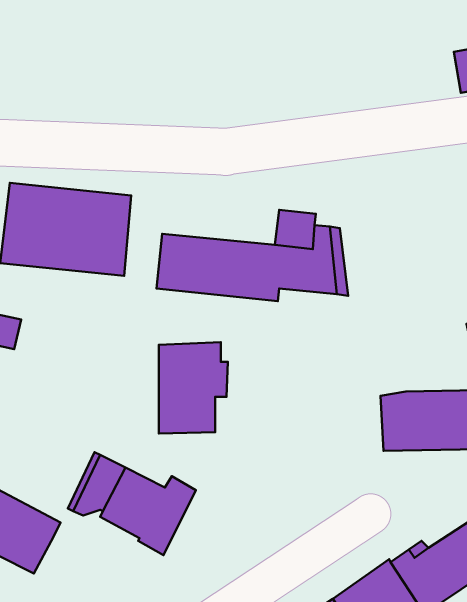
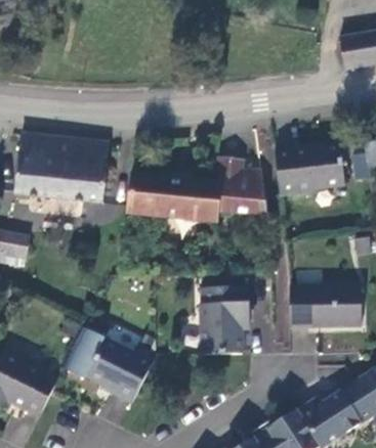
building: none -> [275,143,345,195]
building: [159,342,228,434] -> [201,289,251,356]

